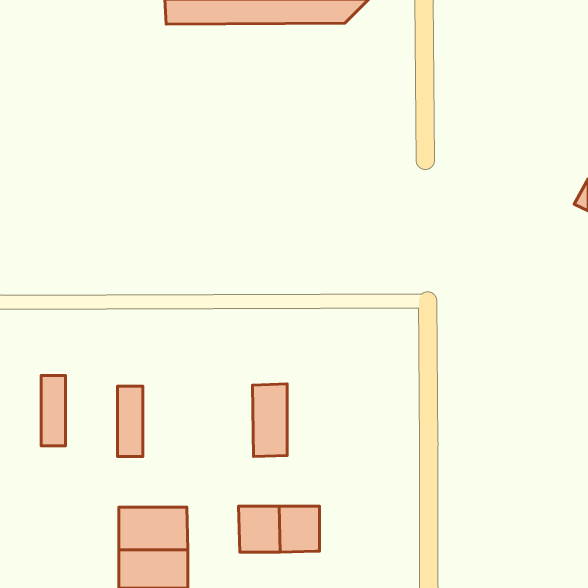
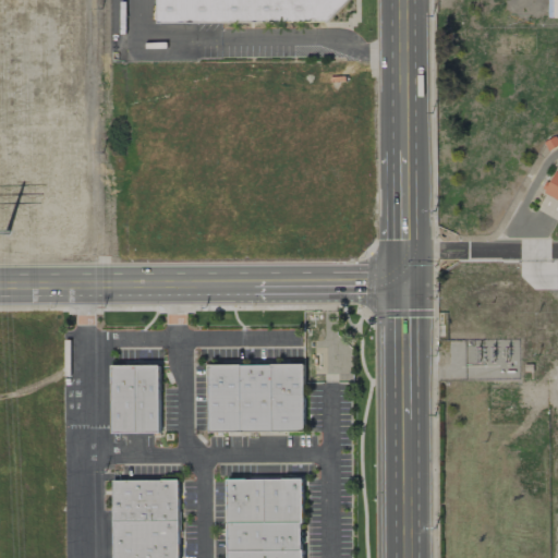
building: [41,376,65,446] -> [135,365,158,432]
building: none -> [271,363,303,430]
building: none -> [207,364,240,432]
building: none -> [227,521,300,550]

